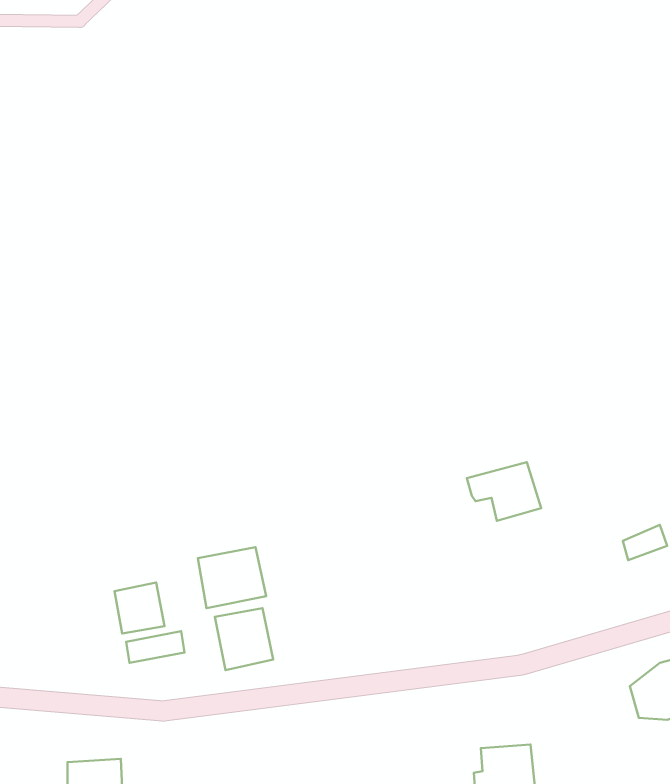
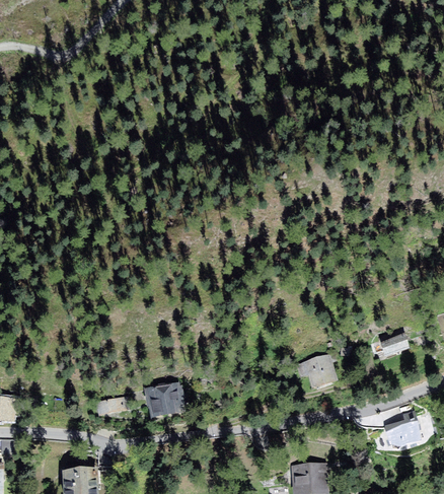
building: [467,462,541,521] -> [293,353,336,386]
building: [198,547,266,608] -> none
building: [114,583,165,634] -> none

